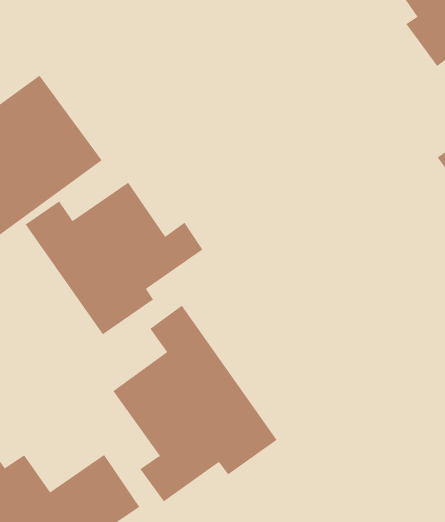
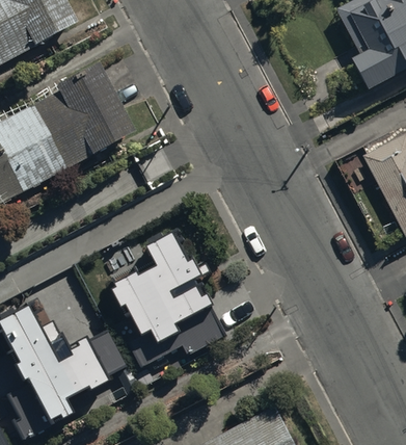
building: [25,182,203,335] -> none

